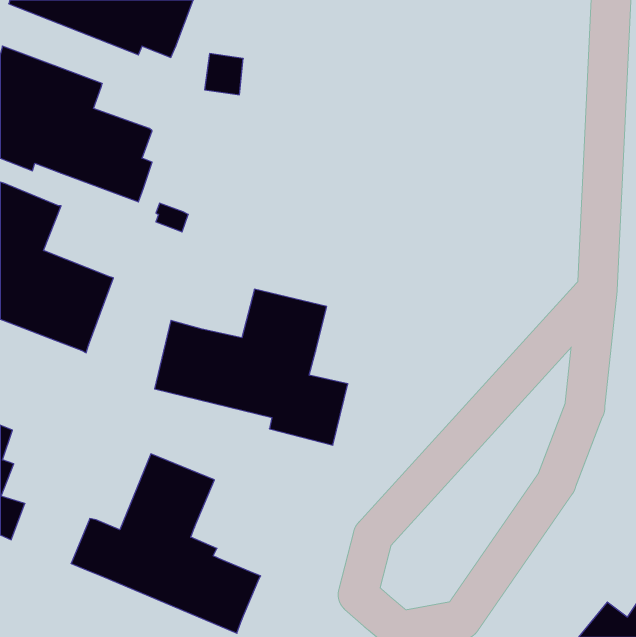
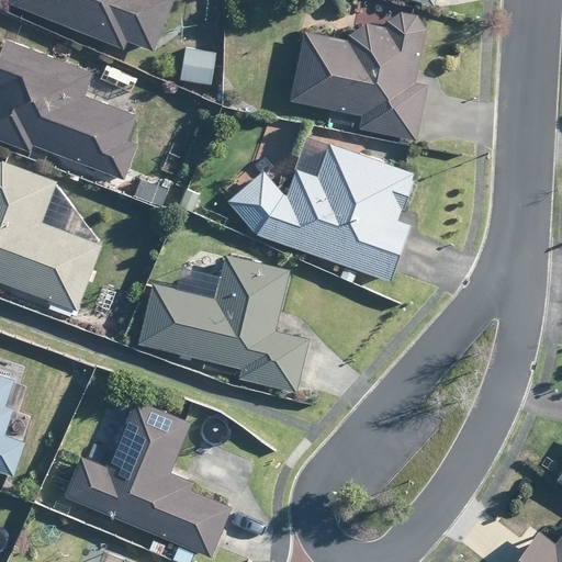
building: none -> [289,11,426,140]
building: none -> [226,144,412,281]

